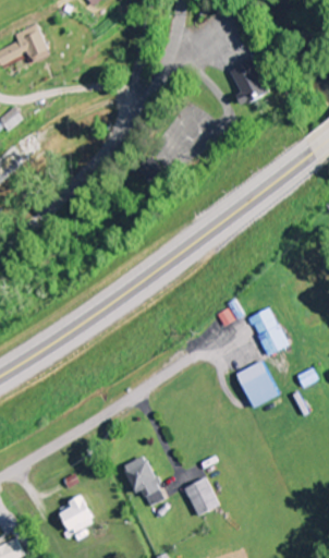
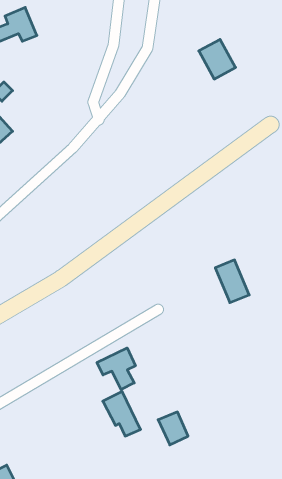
building: [237,361,279,408] -> none
building: none -> [97,348,135,390]
building: [45,495,95,539] -> none

